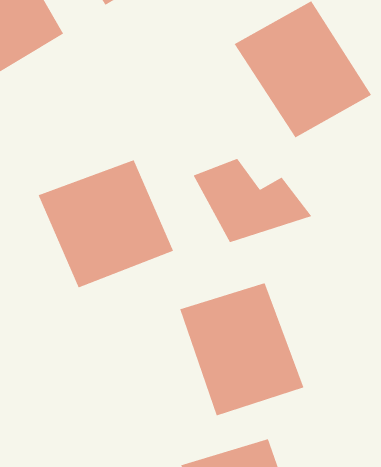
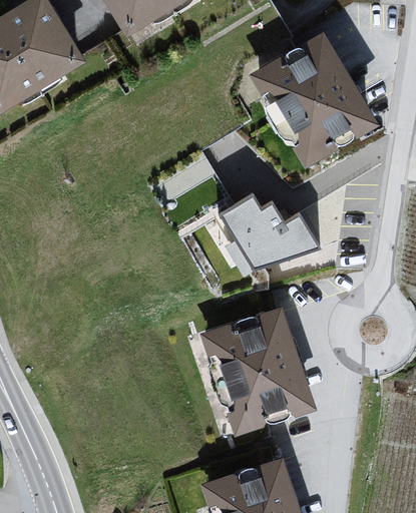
building: [38,159,174,288] -> none

